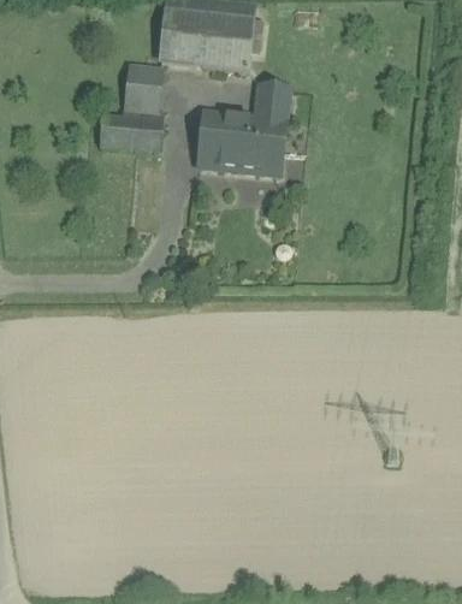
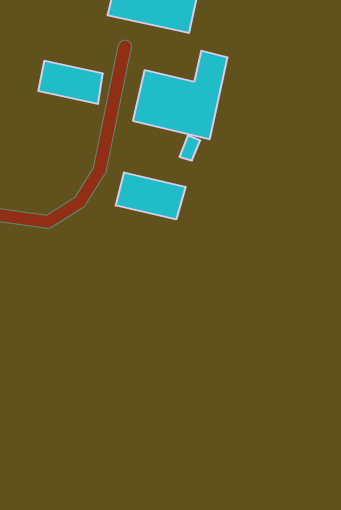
building: [125,64,160,107] -> none
building: none -> [116,172,186,219]

